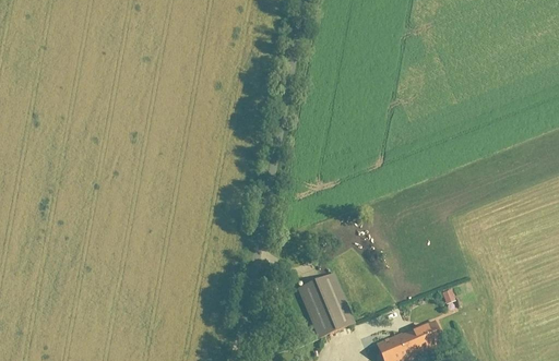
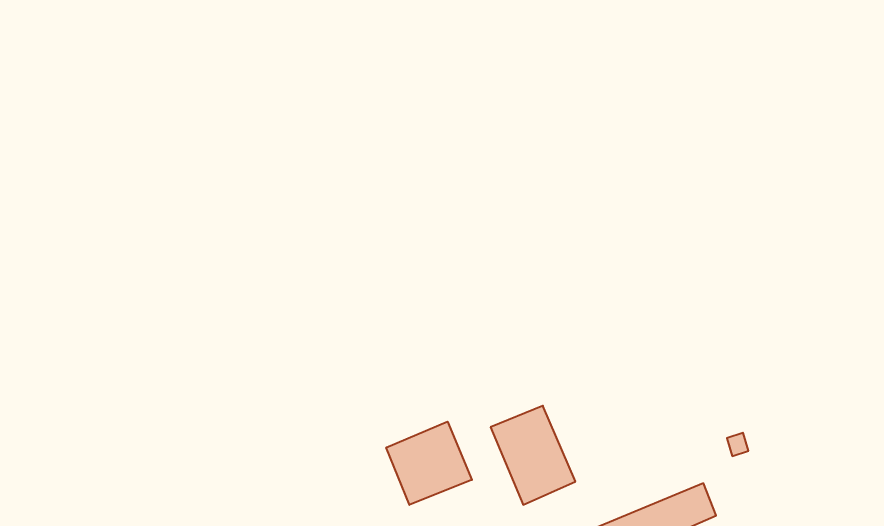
building: none -> [386,422,472,505]

